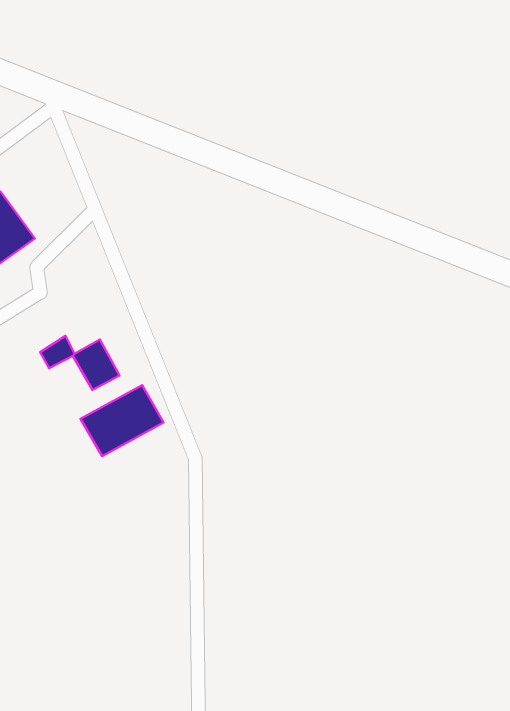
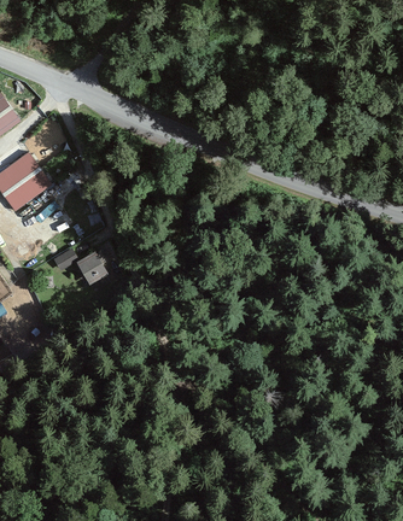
building: [81,385,164,456] -> none

